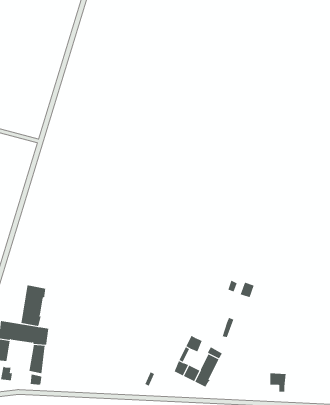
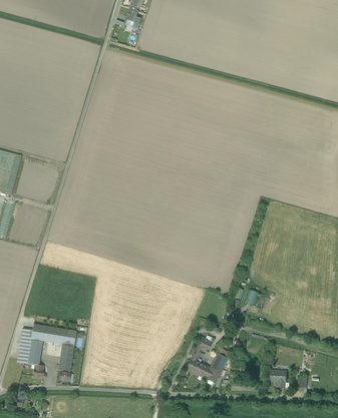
building: [21,285,46,327] -> none

